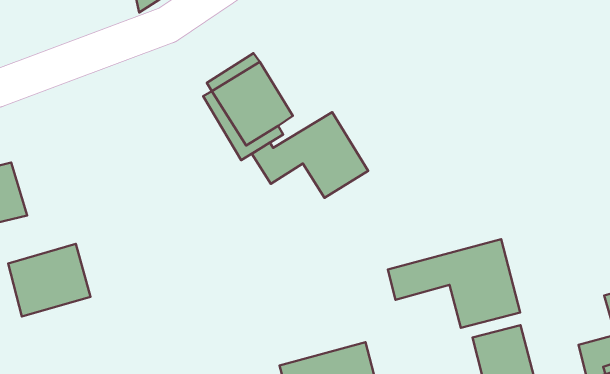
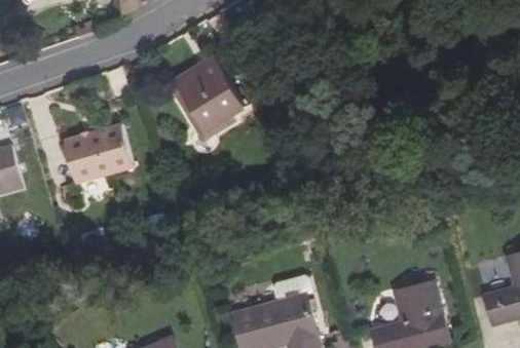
building: [252,112,368,198] -> none
building: [388,239,520,328] -> none
building: [8,244,91,316] -> [64,121,133,182]

